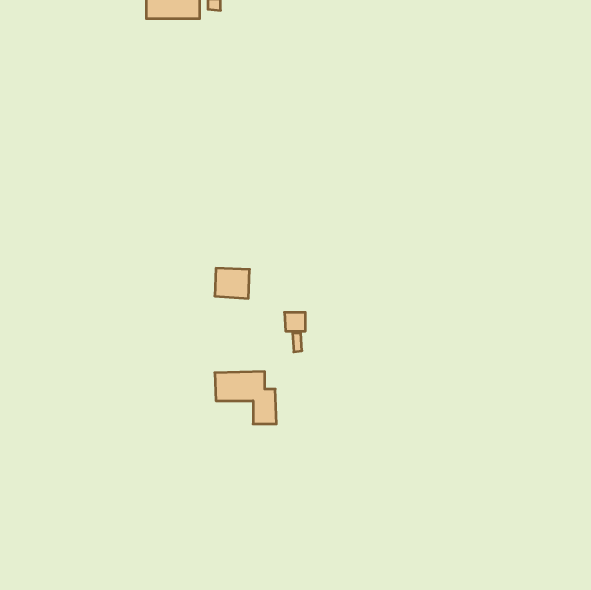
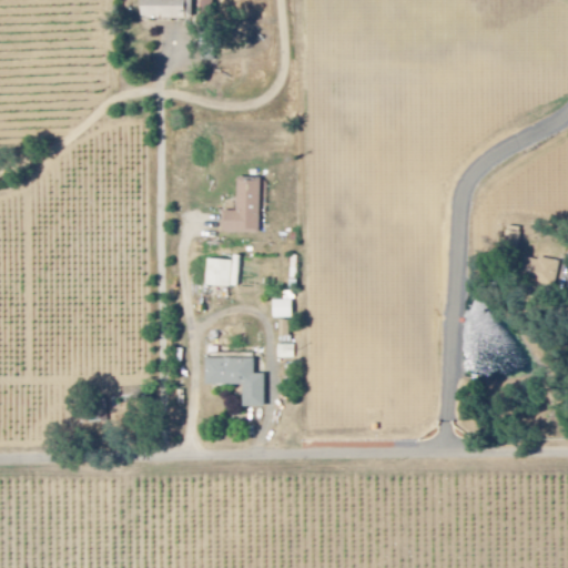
building: none -> [221,175,258,231]
building: none -> [532,255,558,284]

